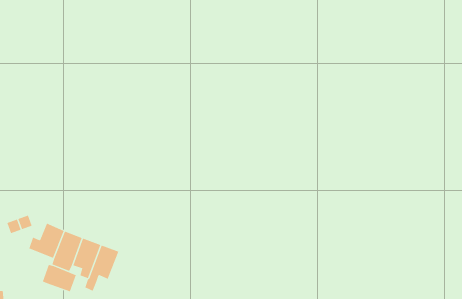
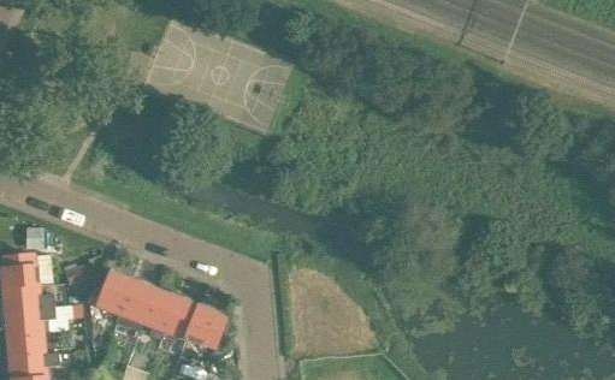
building: none -> [185,305,226,348]
building: [42,264,77,292] -> none

